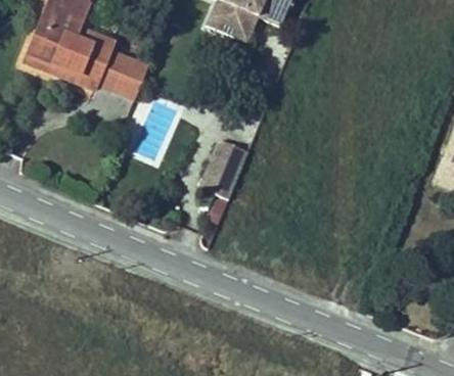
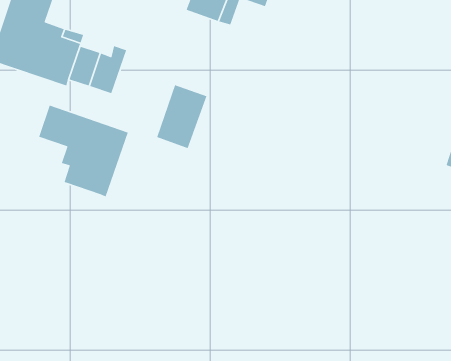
building: none -> [38,104,129,197]
building: [199,140,248,200] -> [156,84,208,149]

